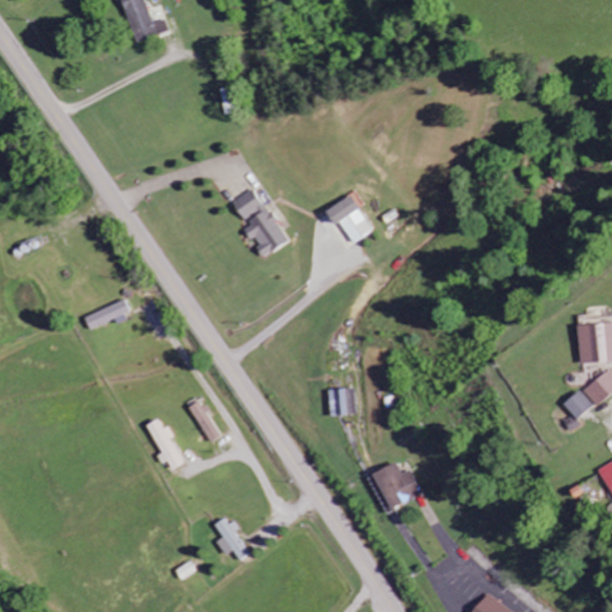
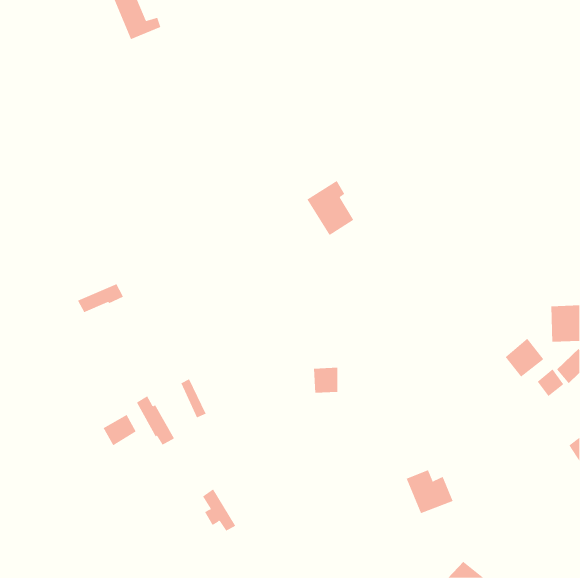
building: [232,188,288,257] -> none
building: none -> [505,338,544,377]
building: none -> [103,414,137,446]
building: [373,461,423,508] -> [406,470,453,514]

